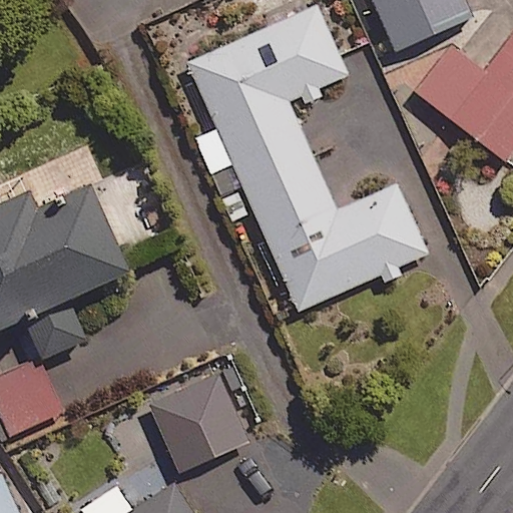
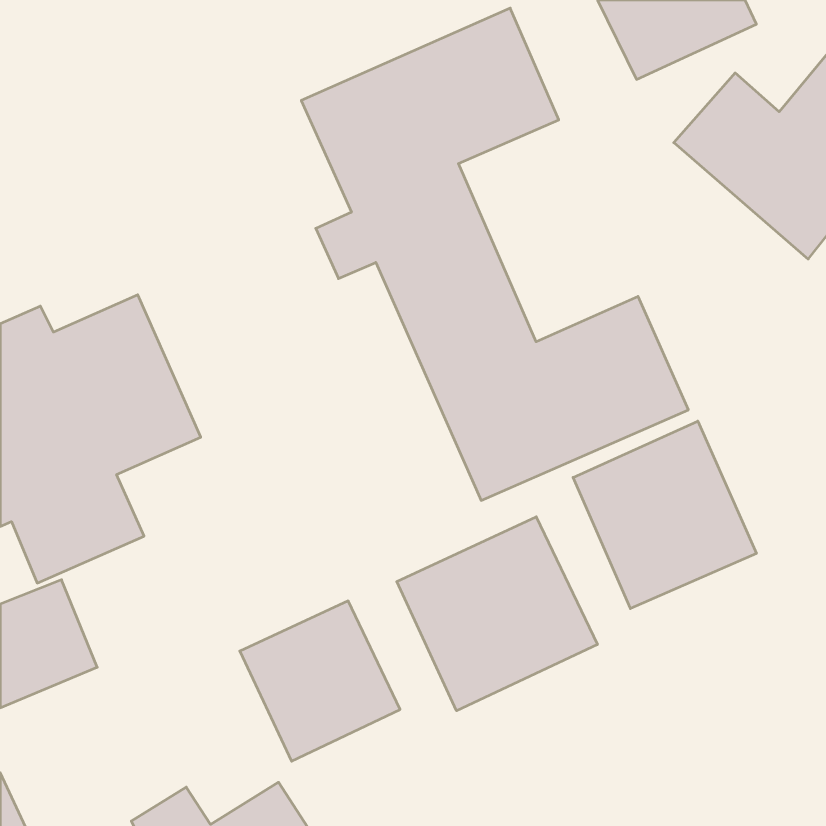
building: none -> [573,421,756,609]
building: none -> [397,517,597,711]

